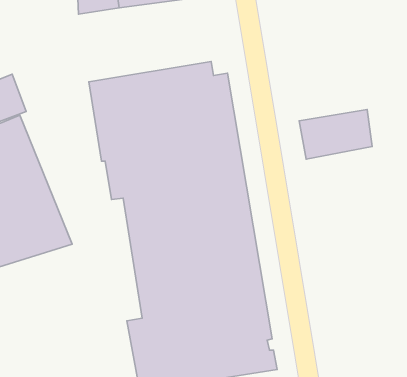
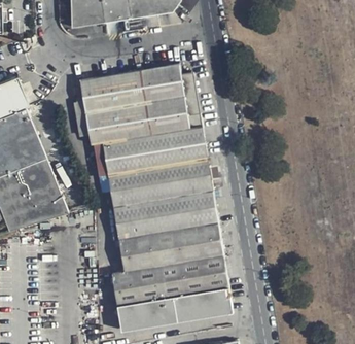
building: [299,109,372,159] -> none

